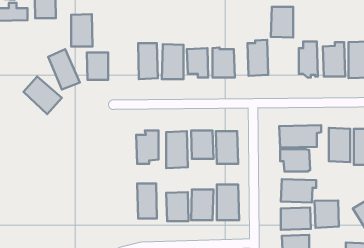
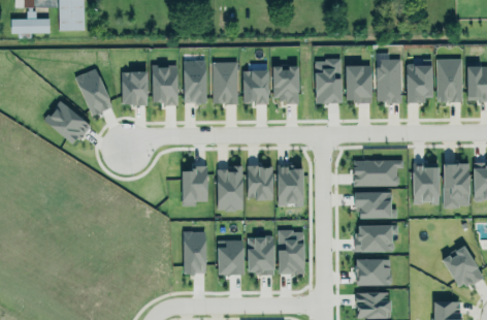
building: [271,7,293,38] -> [346,66,372,103]
building: [71,14,93,47] -> [153,65,178,104]
building: [315,200,339,228] -> none

